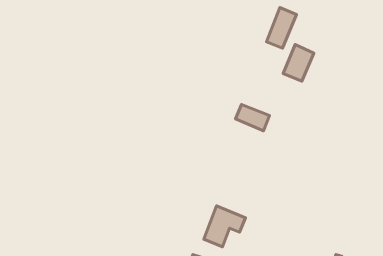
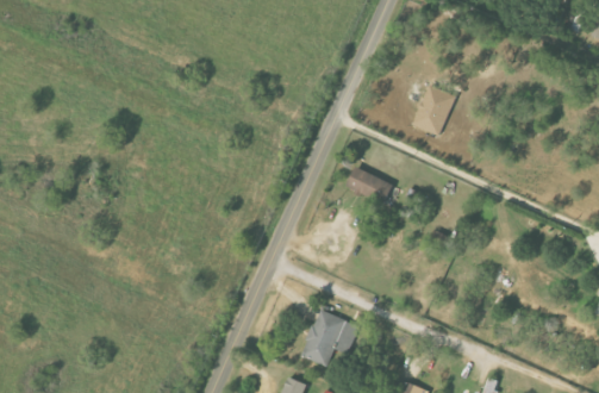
building: [266,7,296,48] -> none

